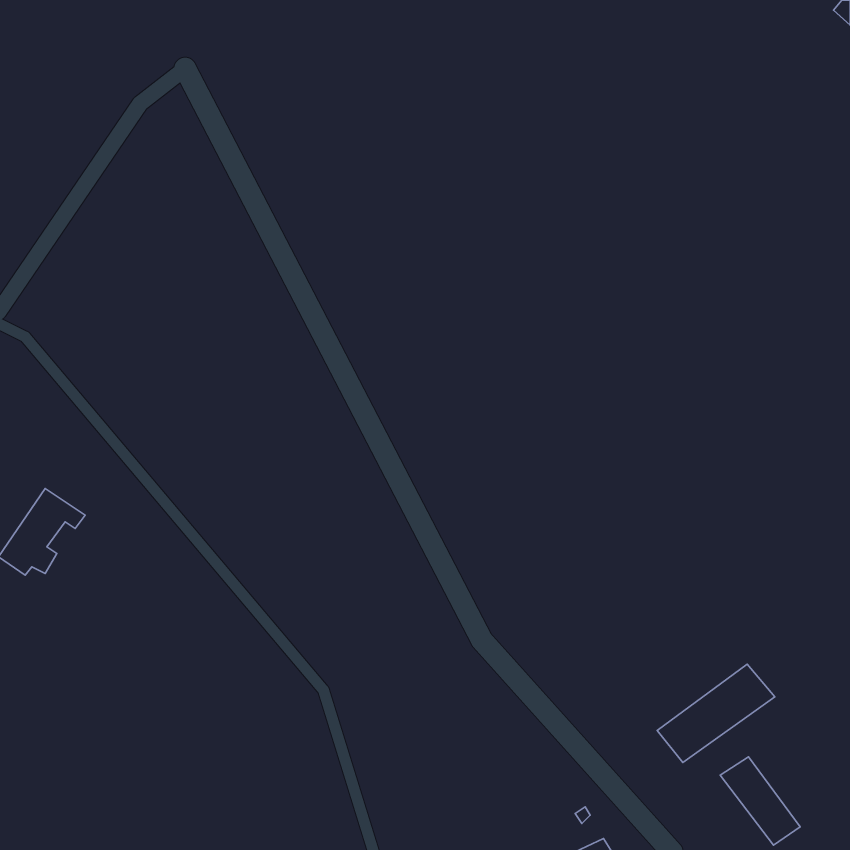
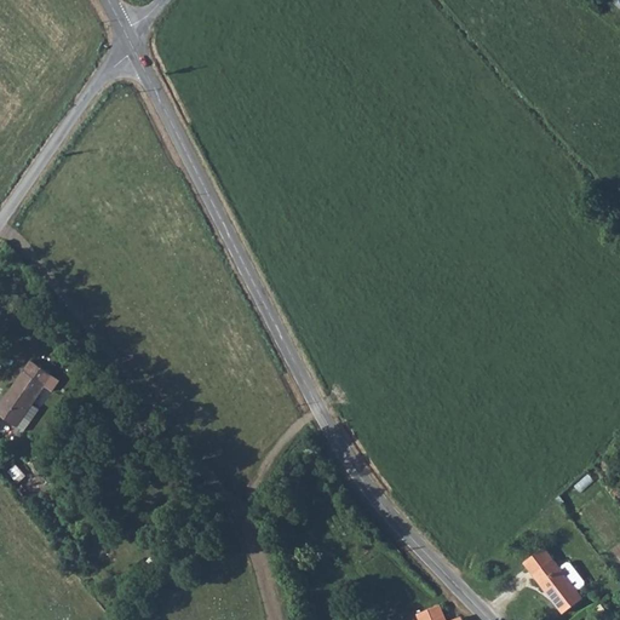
building: [657,664,775,763] -> none

